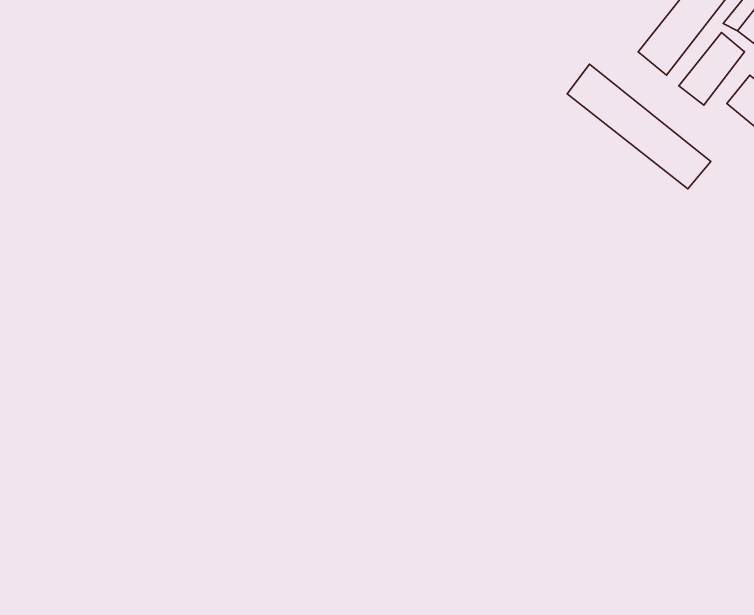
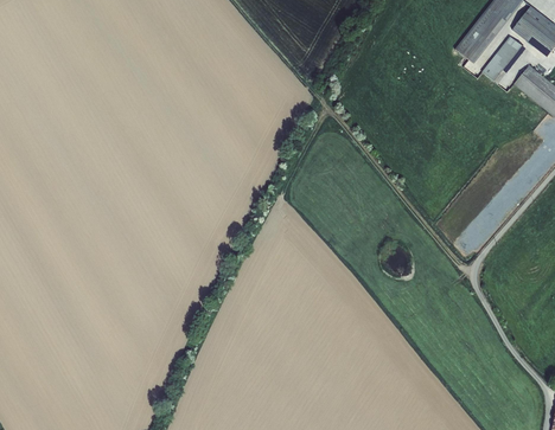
building: [567,64,711,189] -> none

